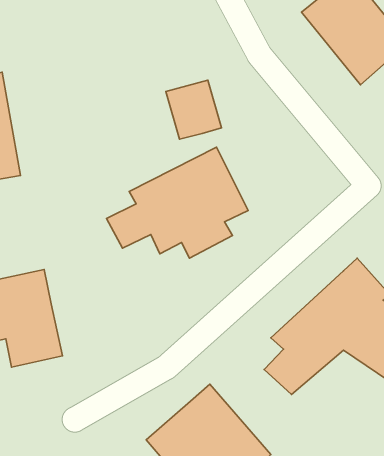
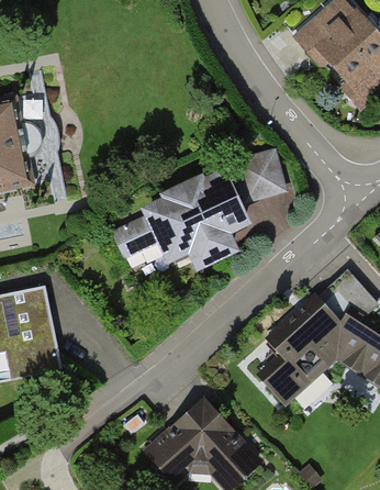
building: [166,80,221,139] -> [234,147,288,204]

